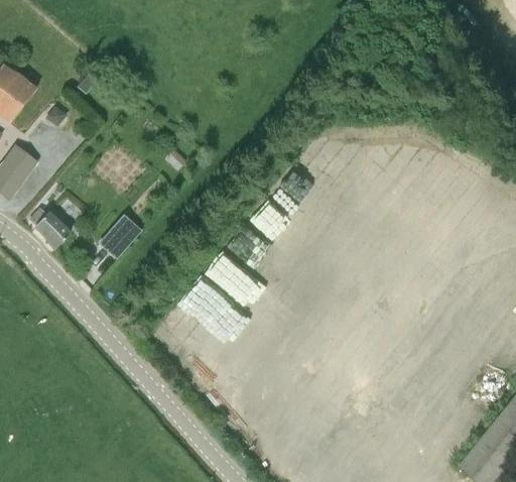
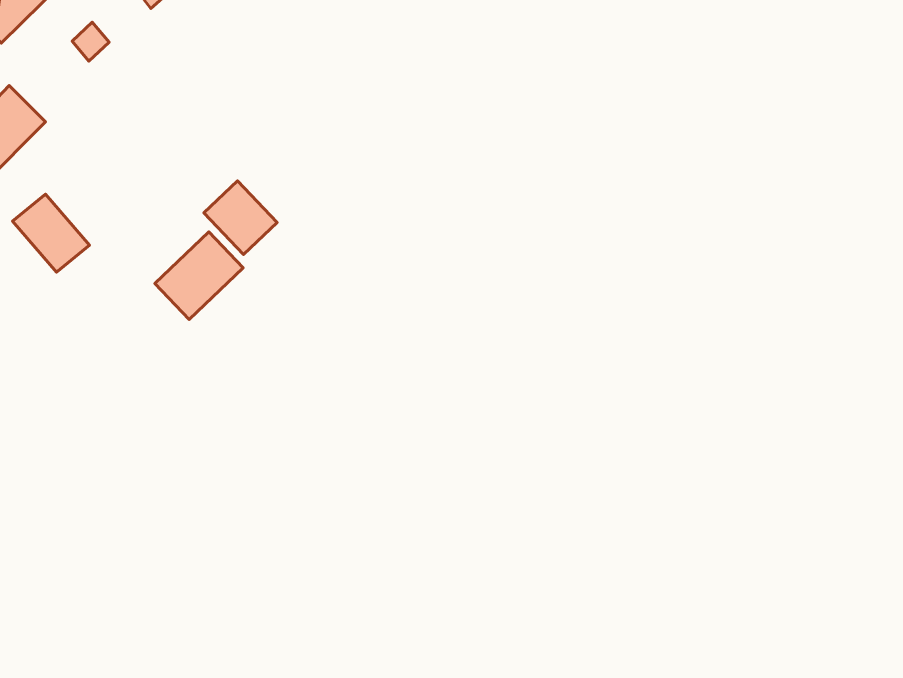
building: none -> [204,181,277,254]

